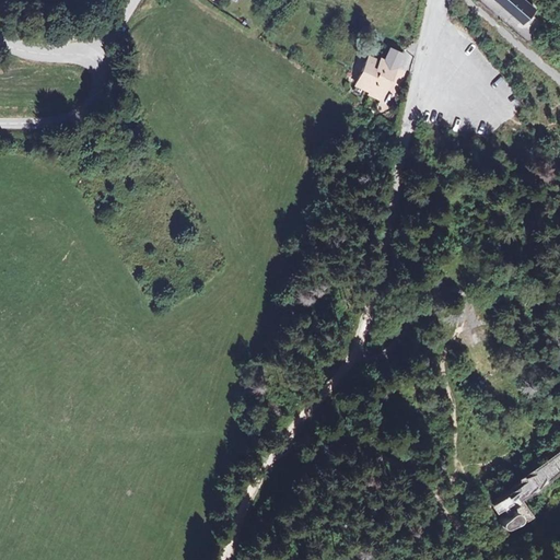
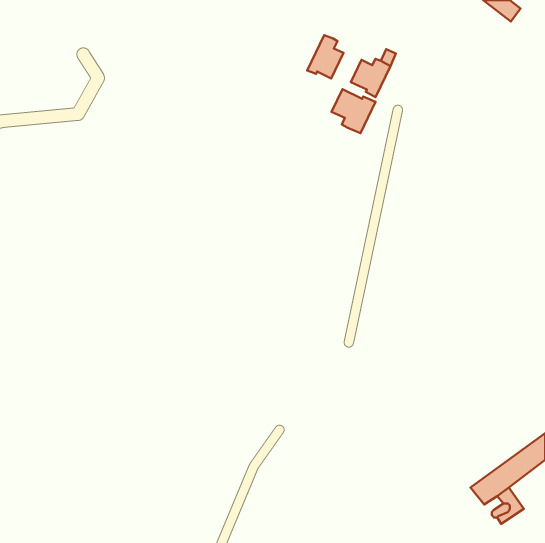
building: none -> [307,35,343,78]
building: none -> [331,89,376,133]

